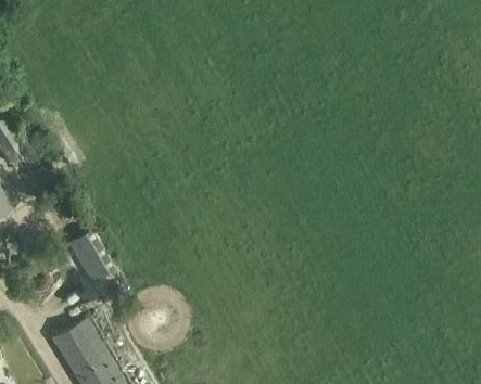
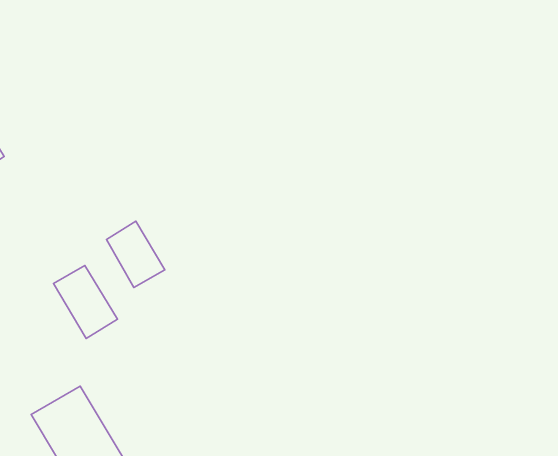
building: none -> [106,221,165,287]

